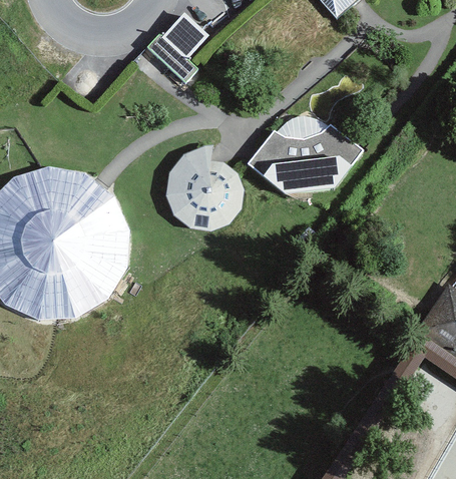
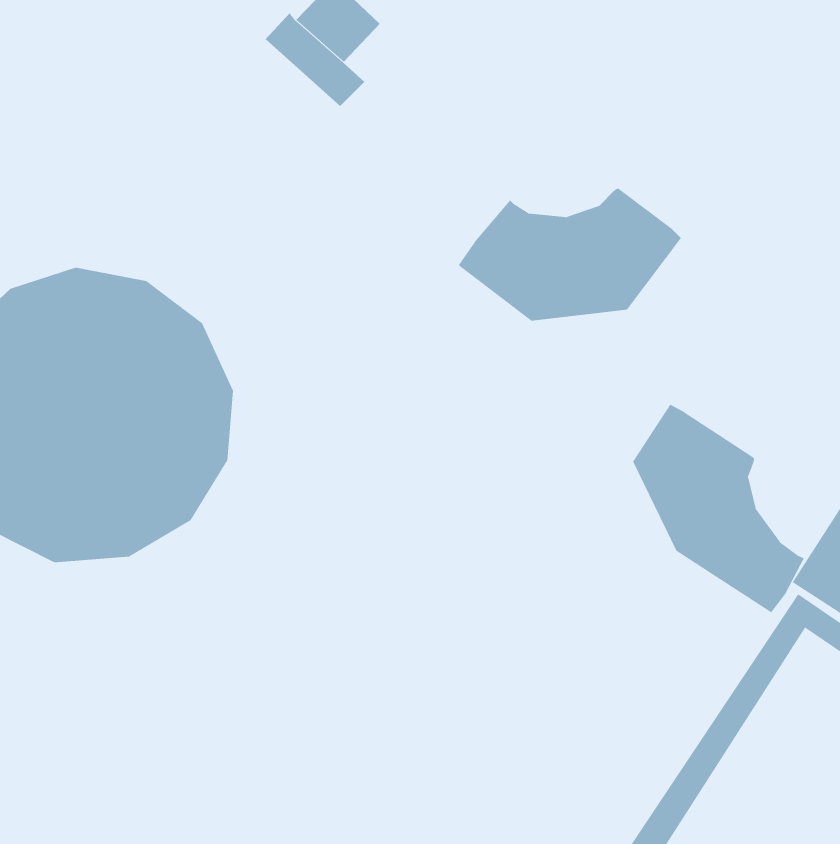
building: [275,116,327,140] -> none
building: [164,145,242,231] -> none
building: none -> [633,404,804,613]

